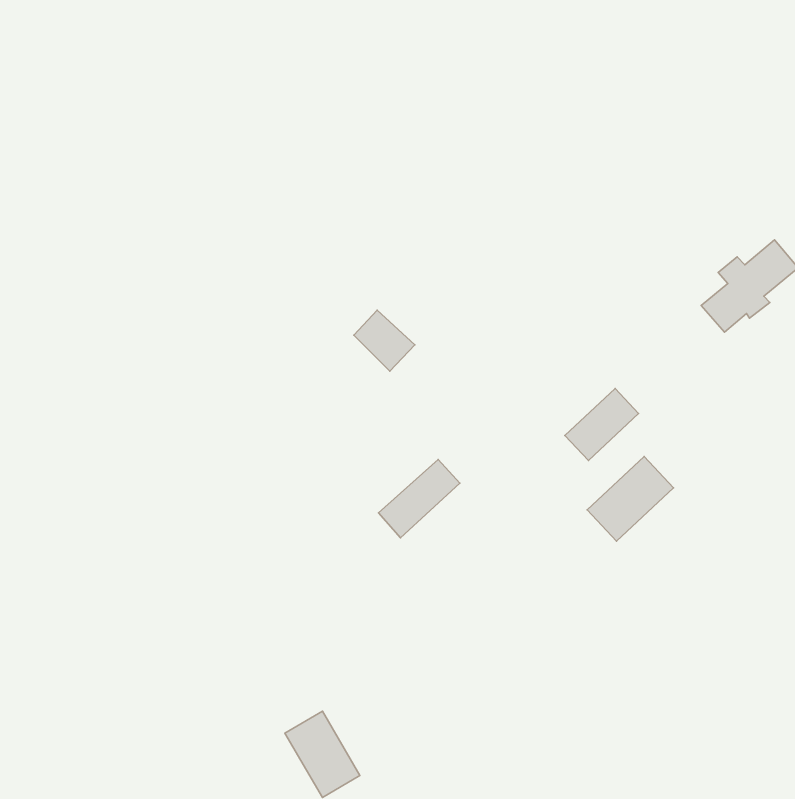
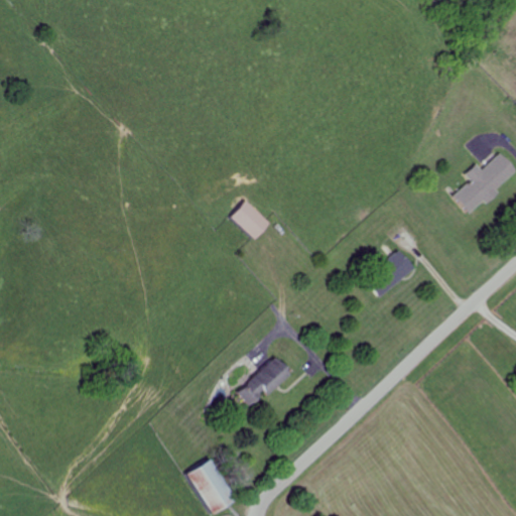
building: [587,457,673,541] -> none
building: [379,460,460,538] -> [237,357,289,407]

